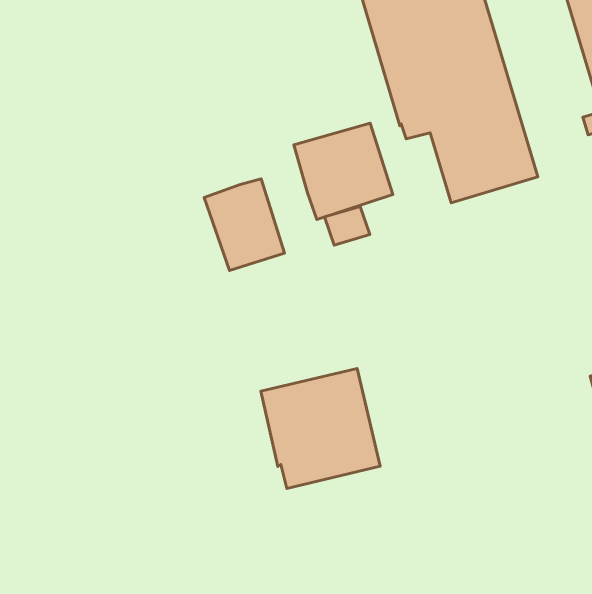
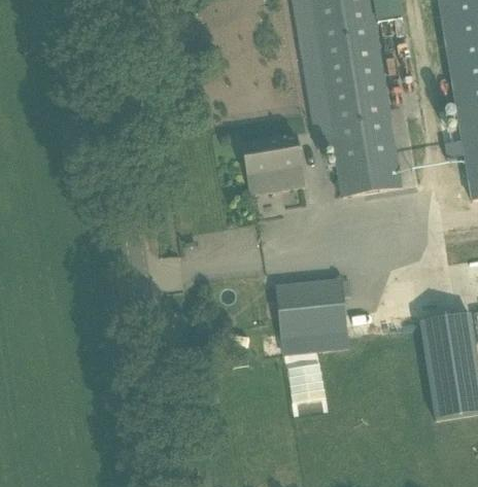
building: [204,179,284,271] -> none
building: [261,368,380,488] -> [277,279,350,353]

